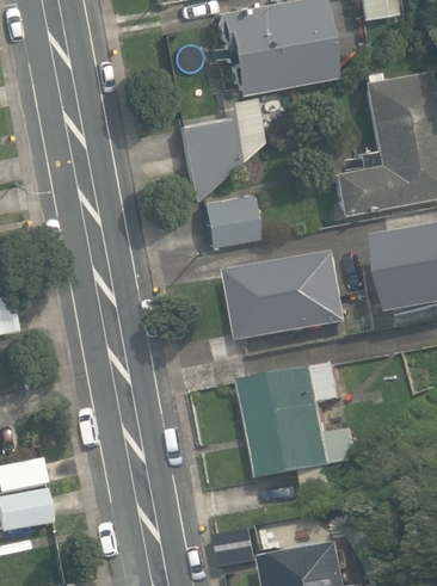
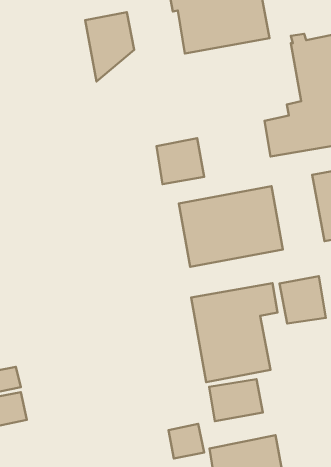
building: [181,118,239,199] -> [85,12,134,82]
building: none -> [280,276,326,324]
building: none -> [209,379,263,421]

